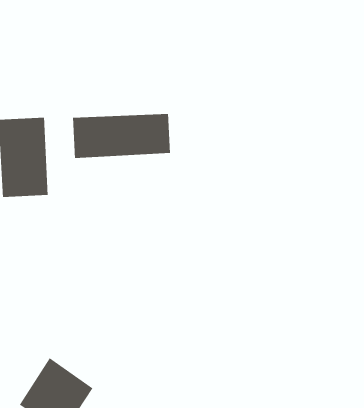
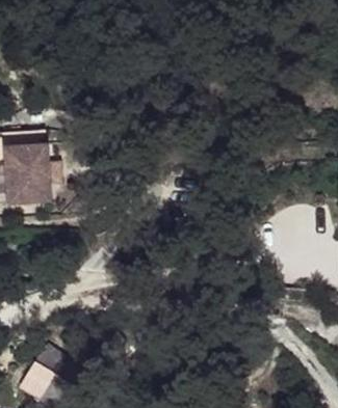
building: [72,113,171,159] -> none

